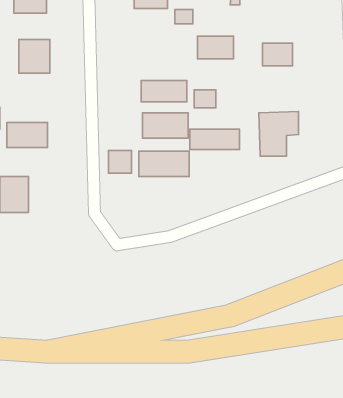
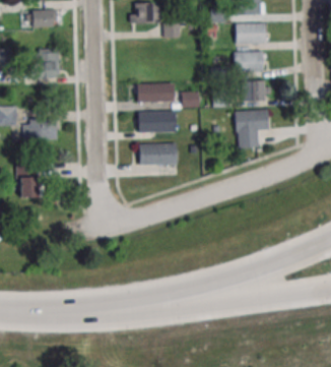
building: [197,36,233,59] -> [236,23,266,43]
building: none -> [242,80,269,101]
building: [190,129,240,150] -> none
building: [109,151,131,173] -> none

